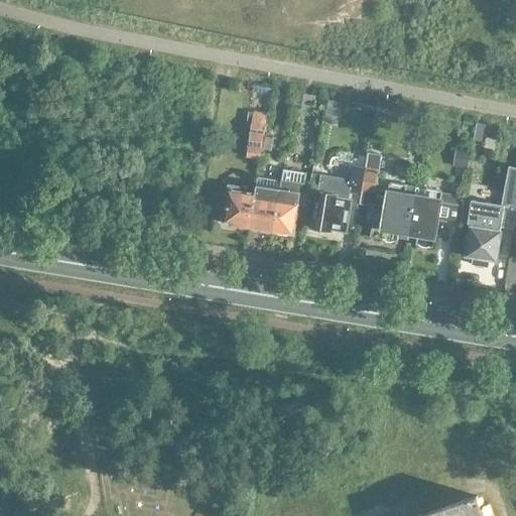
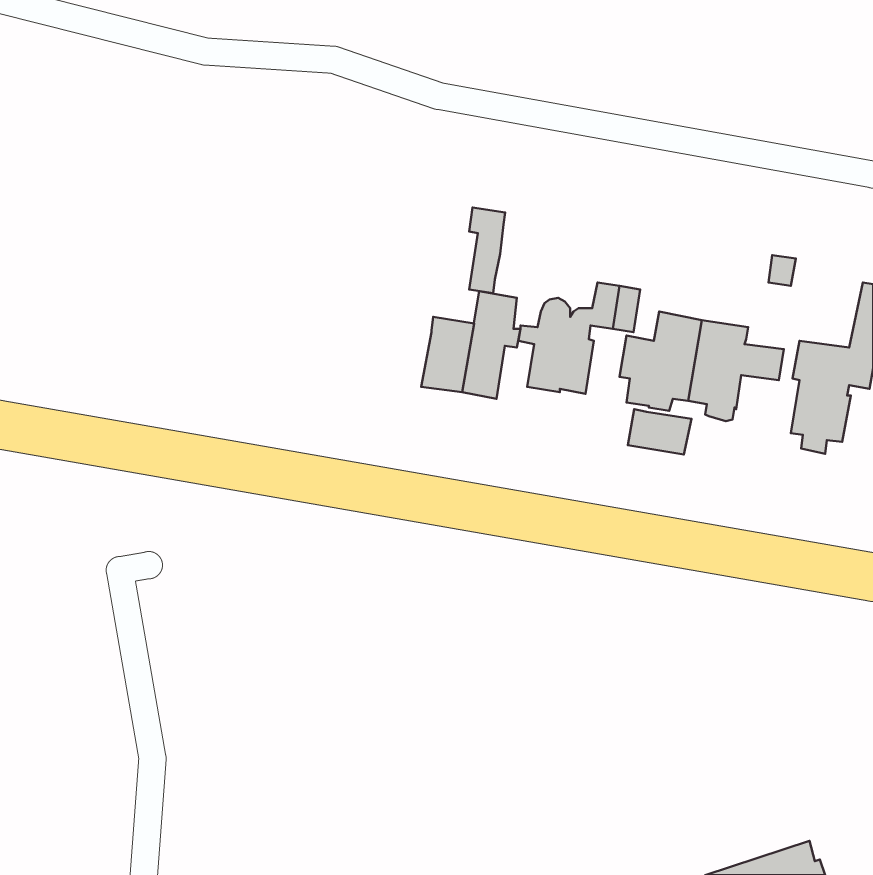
building: [245,109,266,159] -> [469,207,505,293]
building: [222,194,254,228] -> none
building: none -> [628,409,691,455]

